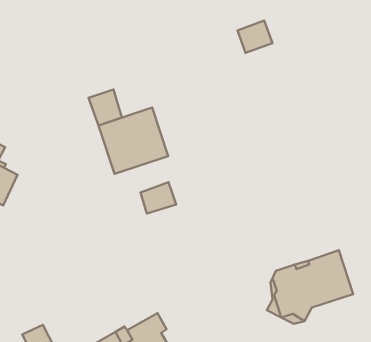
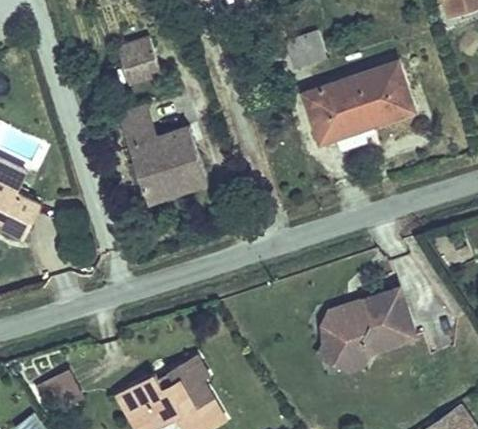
building: none -> [118,41,158,82]
building: none -> [303,62,413,150]
building: [140,182,176,214] -> none

